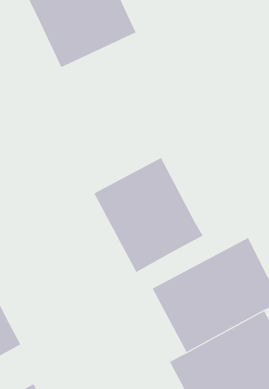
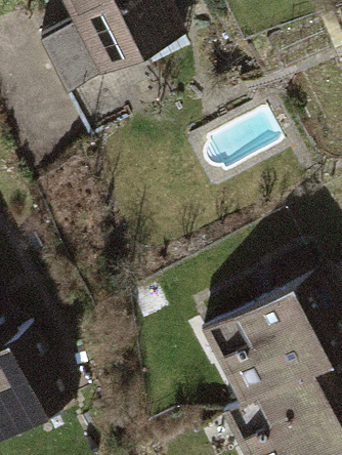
building: [94,157,204,273] -> none

